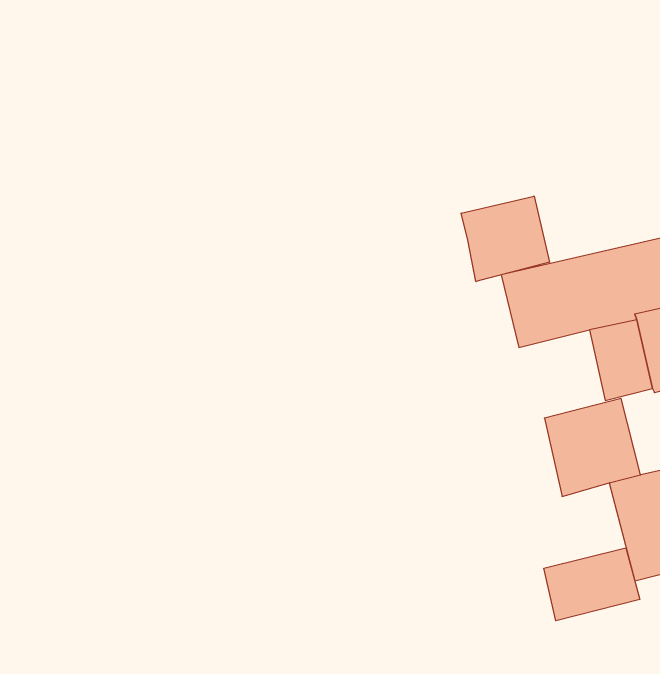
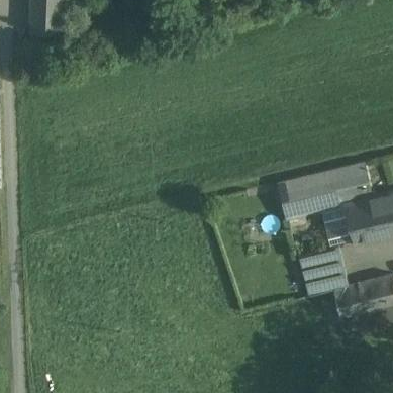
building: [461,196,549,282] -> none
building: [544,548,640,621] -> none

